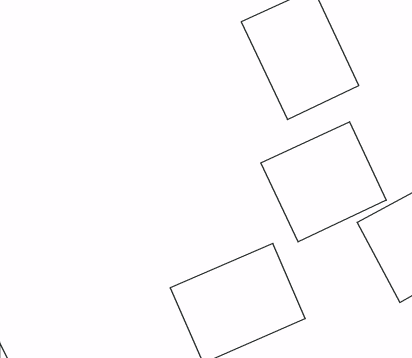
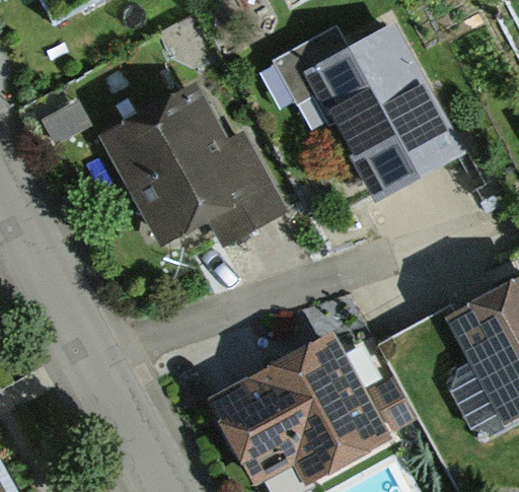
building: none -> [106,81,256,238]
building: [261,122,386,242] -> none

